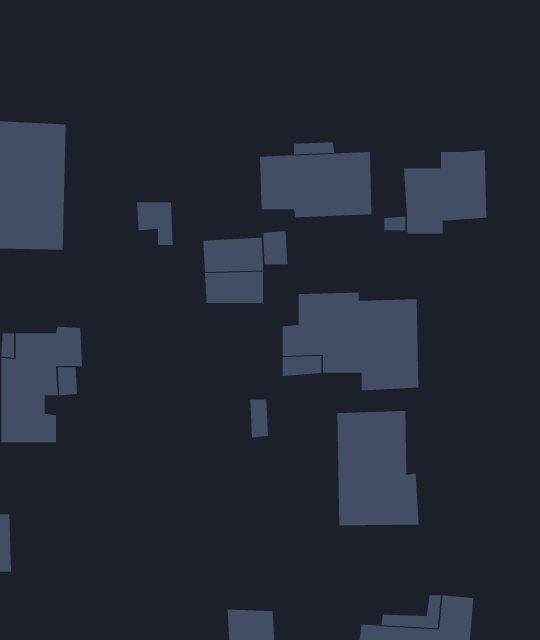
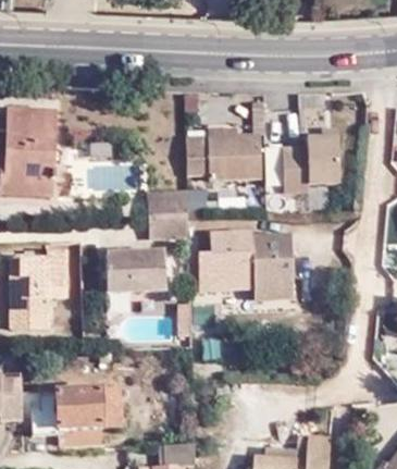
building: none -> [109,251,168,292]
building: [337,410,419,526] -> none
building: none -> [41,385,123,434]

